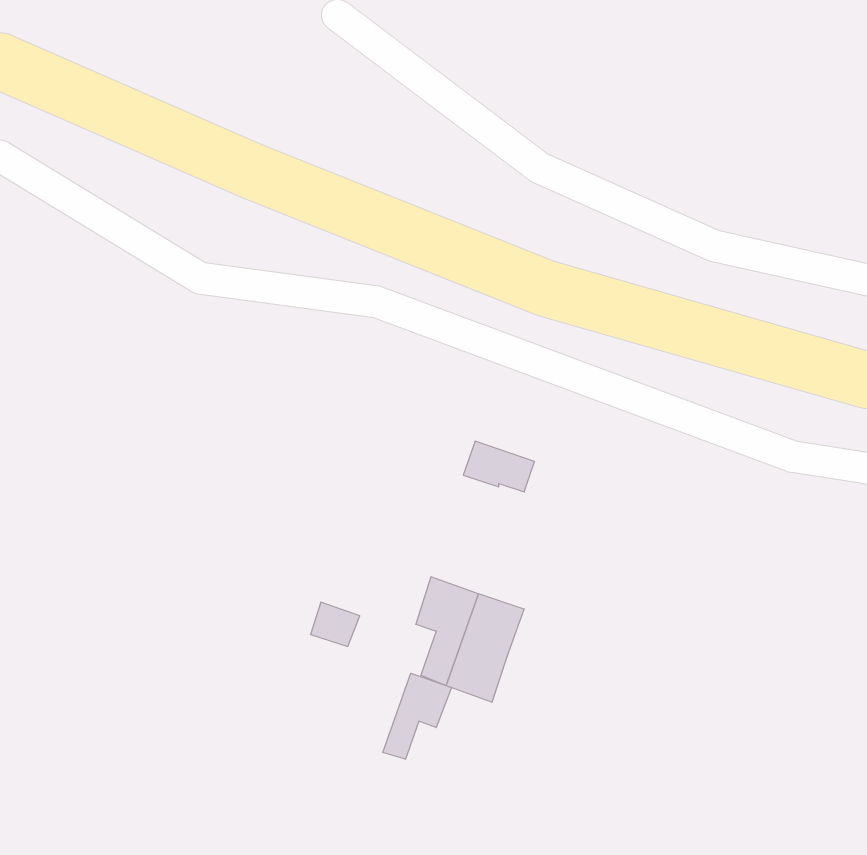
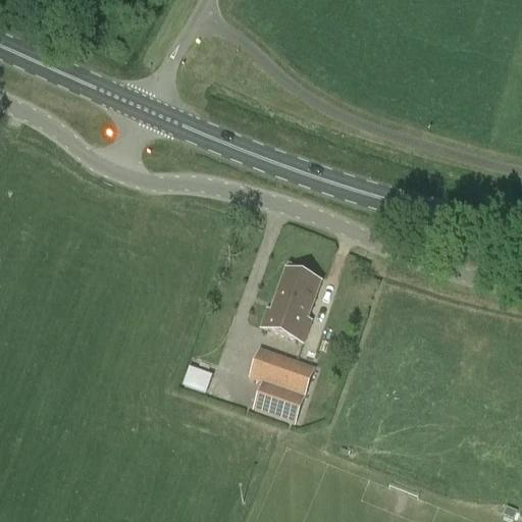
building: none -> [260,285,315,341]
building: [383,673,452,759] -> none

